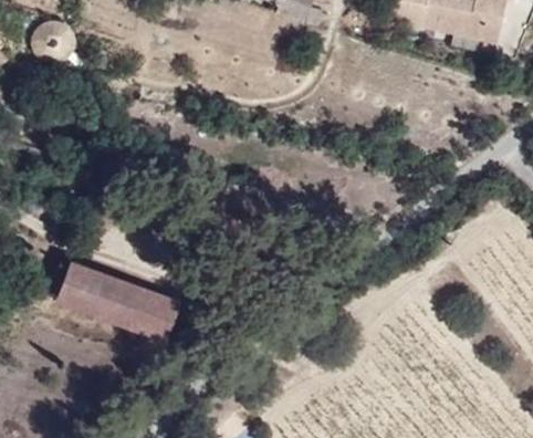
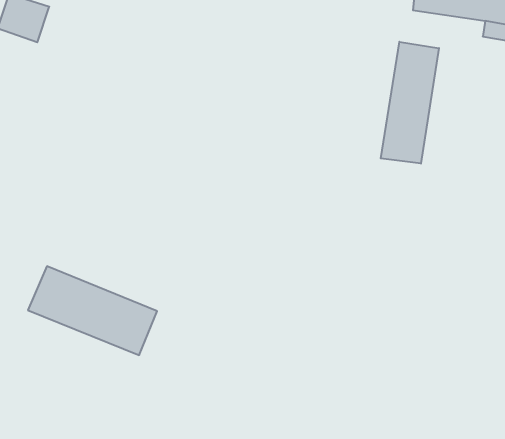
building: none -> [381,42,439,164]

